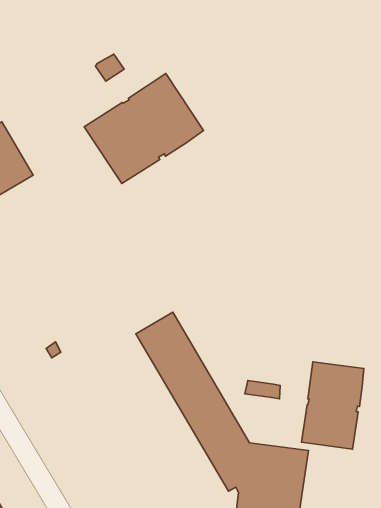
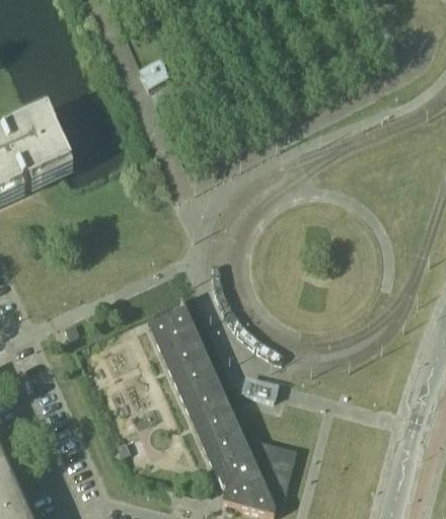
building: [84,74,203,184] -> none
building: [301,362,364,449] -> none

